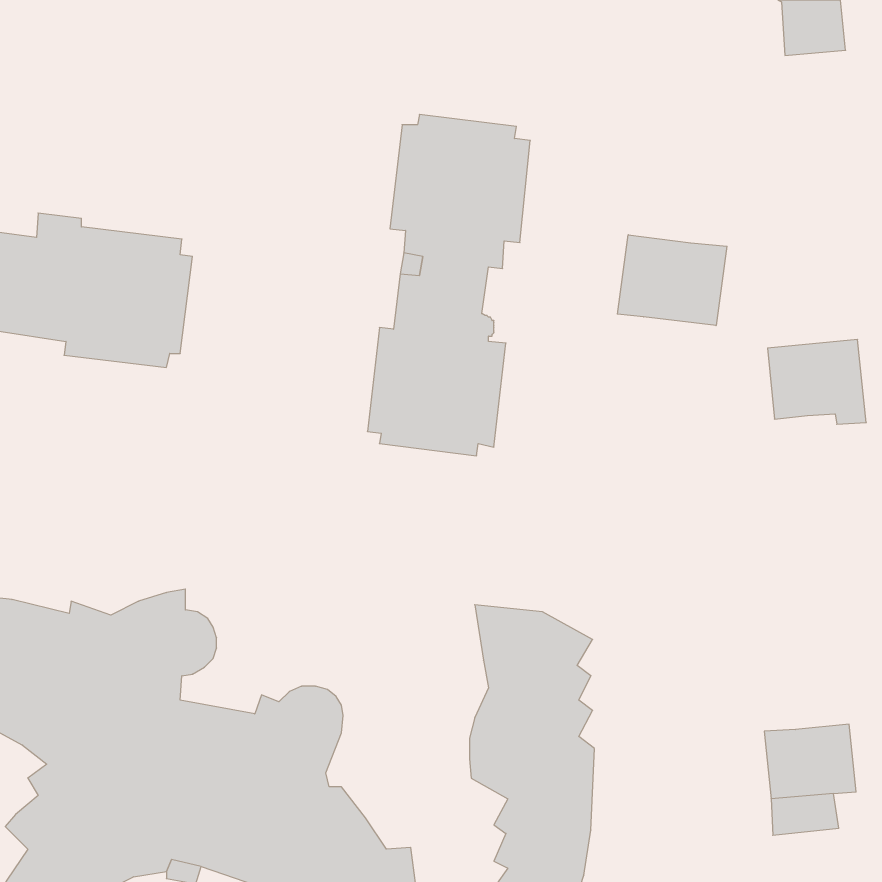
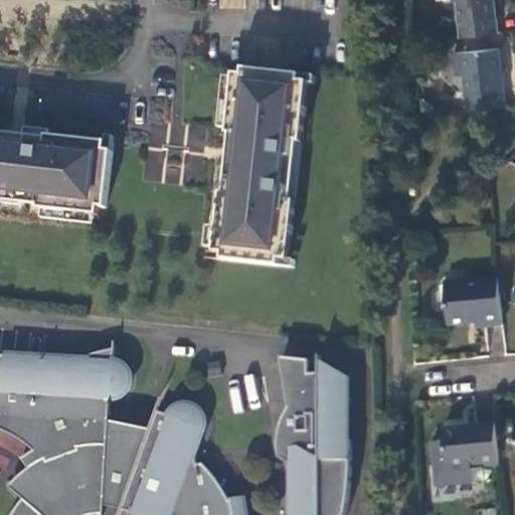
building: none -> [459,43,508,107]
building: [617,235,727,326] -> none
building: [768,339,866,424] -> [443,275,500,324]

